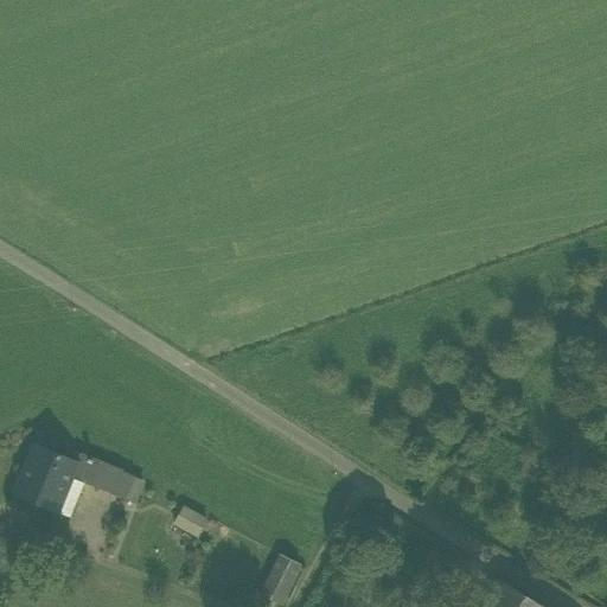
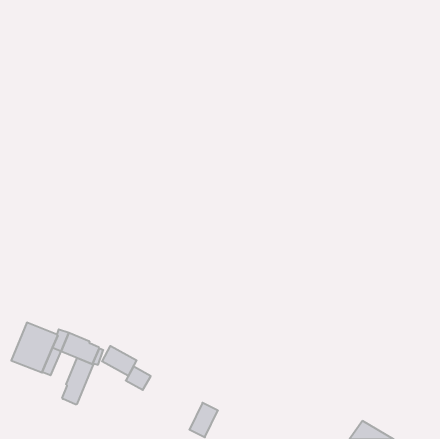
building: none -> [102,346,137,376]
building: none -> [62,358,93,404]

